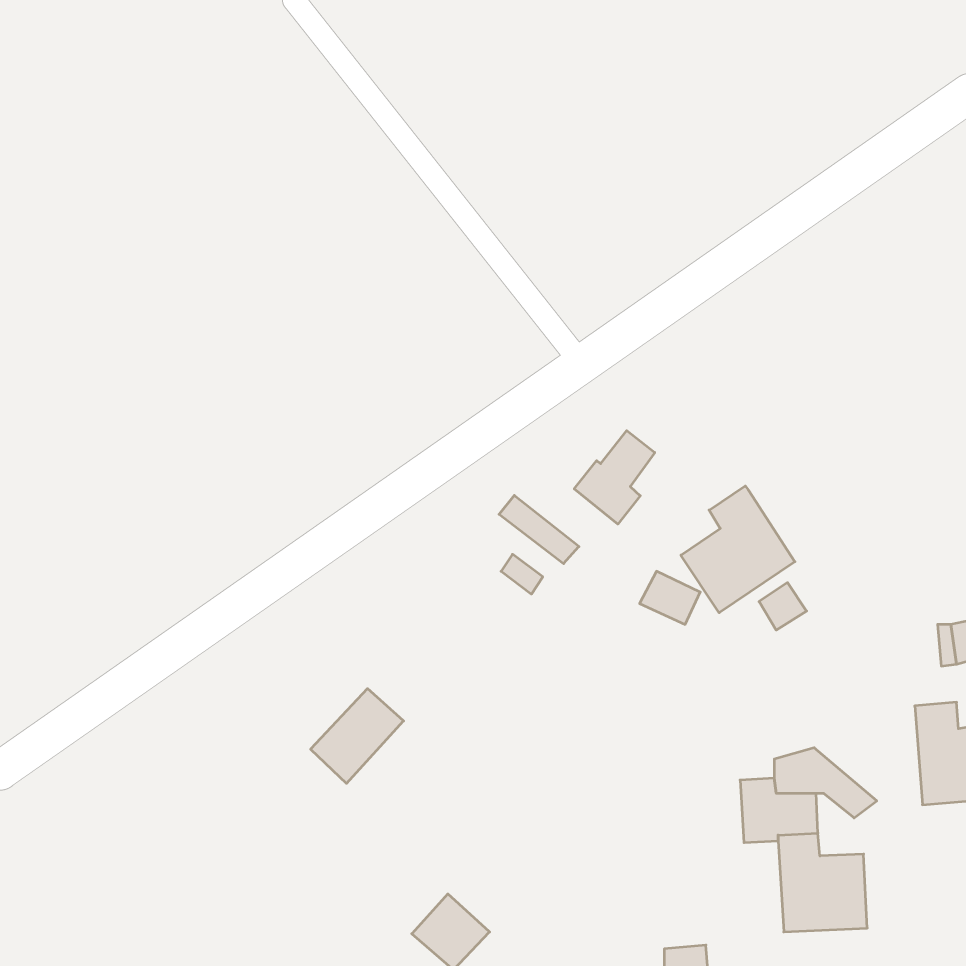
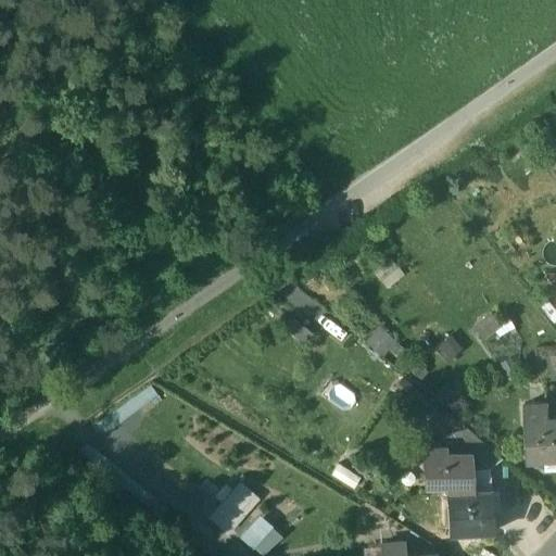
building: [574,431,655,524] -> none
building: [681,486,795,613] -> none
building: [311,689,404,783] -> [208,481,262,535]

